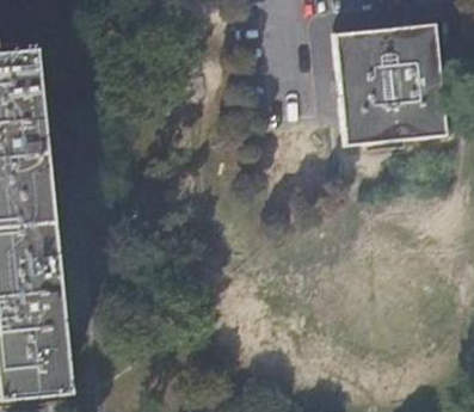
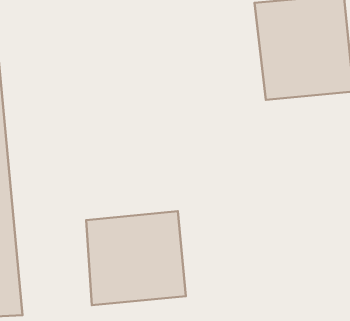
building: none -> [86,211,186,305]

